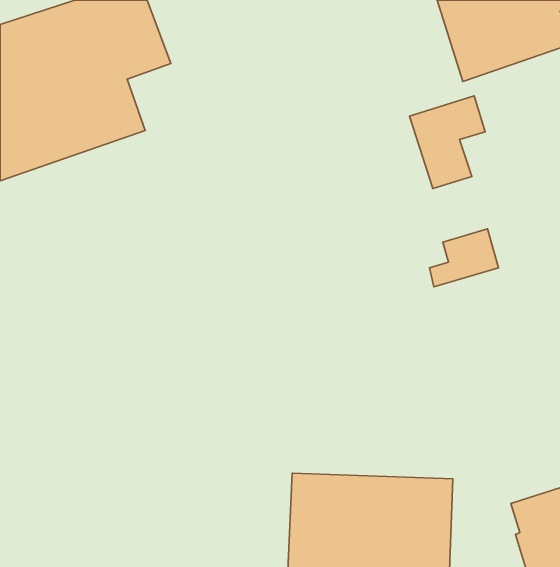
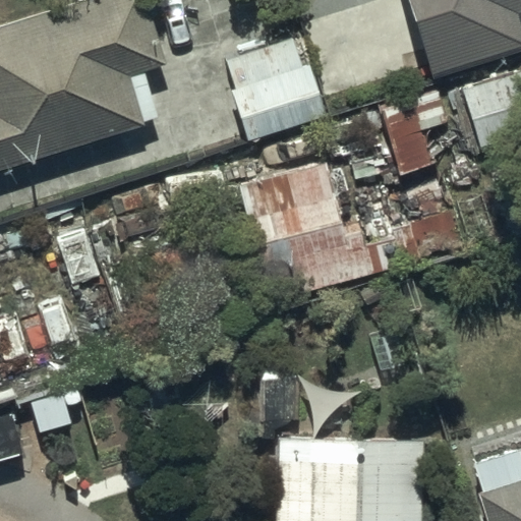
building: none -> [228,38,331,144]
building: none -> [238,162,385,301]

